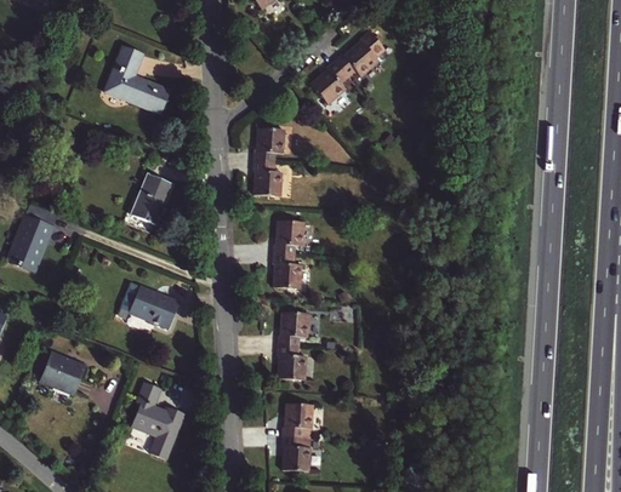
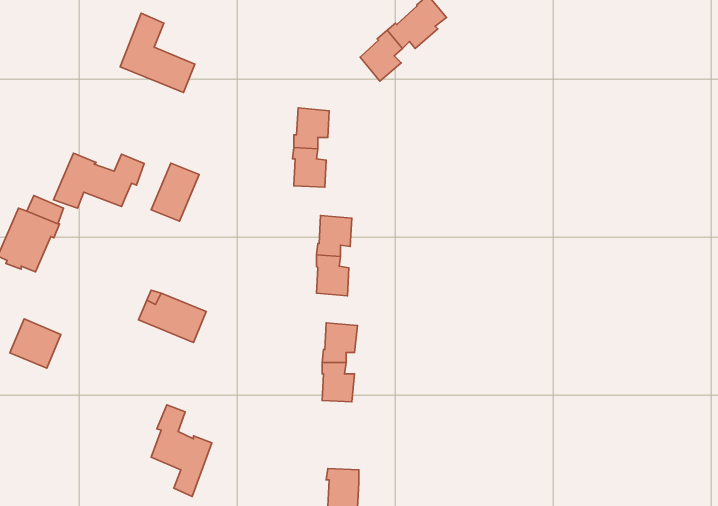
building: none -> [54,153,144,208]
building: [41,351,85,394] -> [10,319,61,368]
building: [284,402,314,437] -> none

